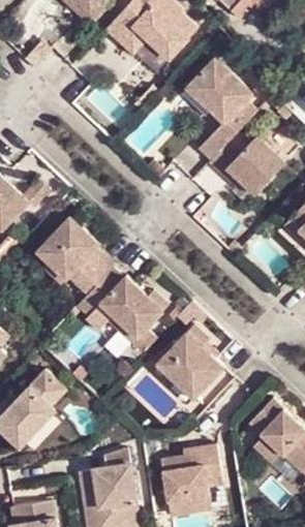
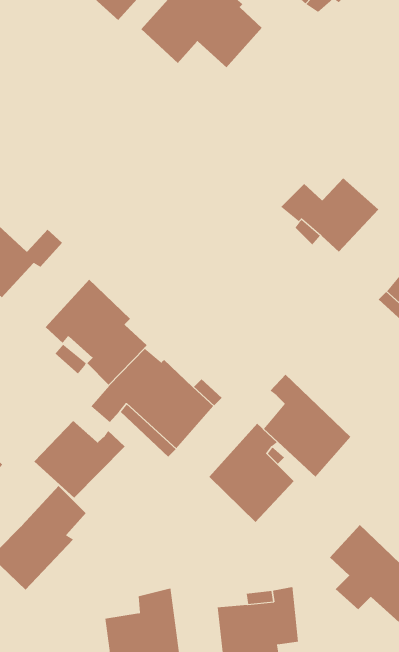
building: [187,59,256,161] -> none
building: none -> [263,374,351,477]
building: none -> [34,420,125,498]

